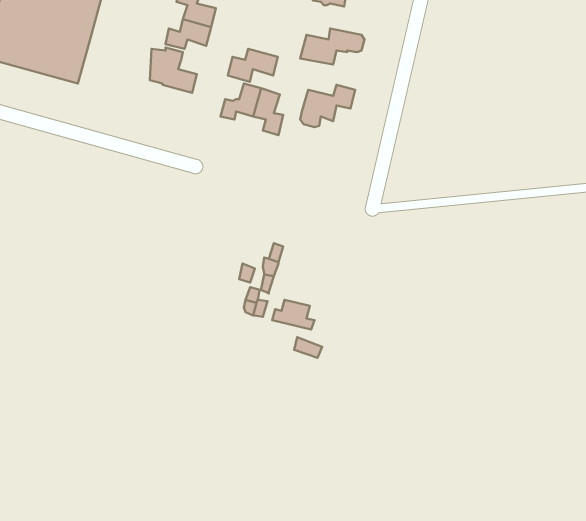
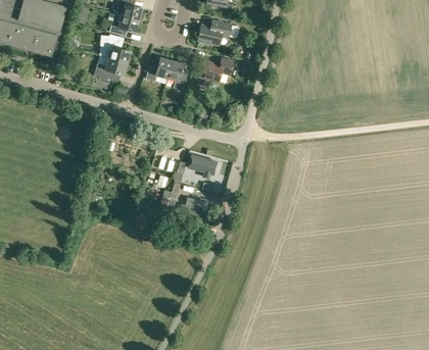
building: [228,49,278,82] -> [94,57,127,79]
building: none -> [187,152,218,172]

